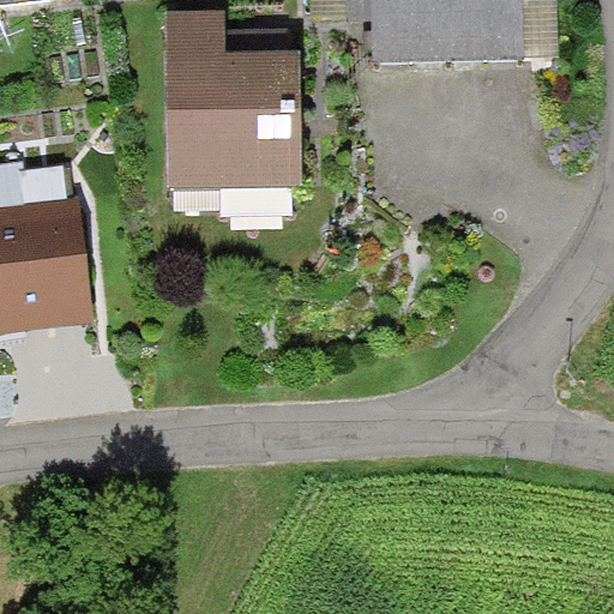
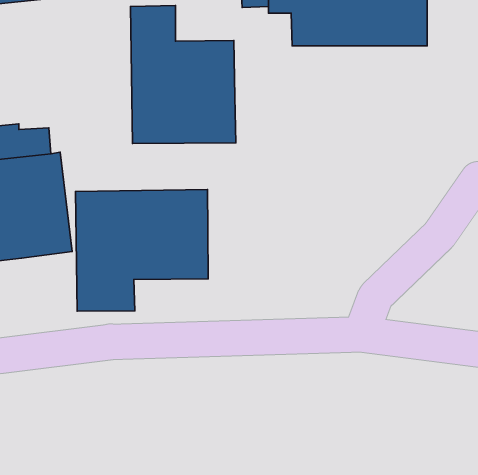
building: none -> [75,189,208,311]

